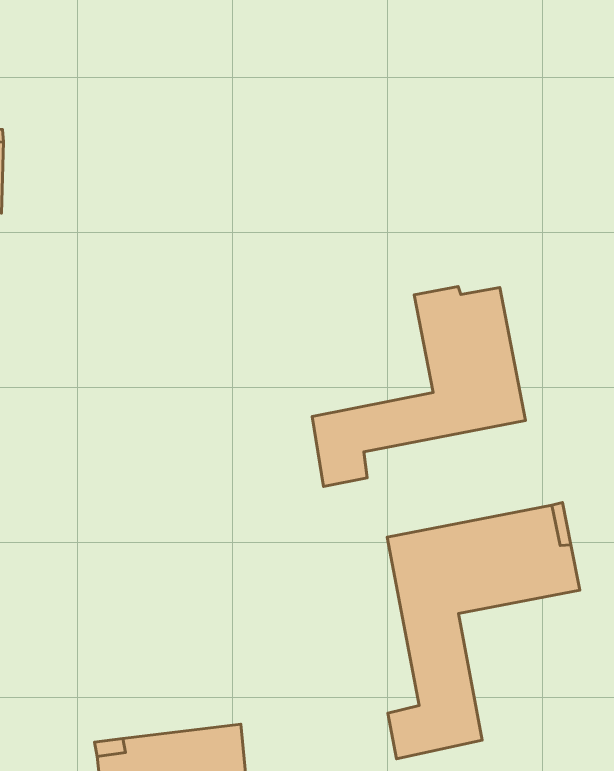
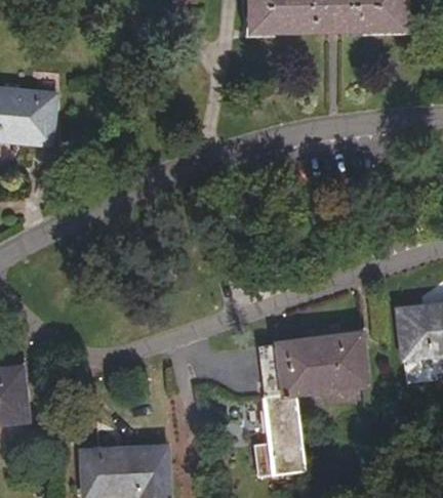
building: [312,286,525,486] -> none

